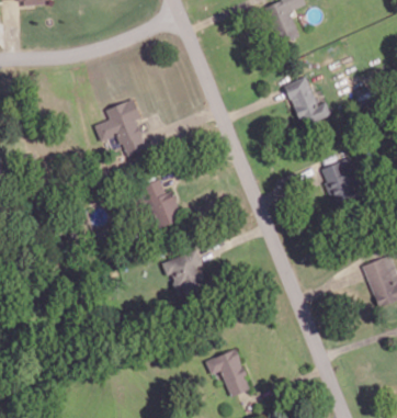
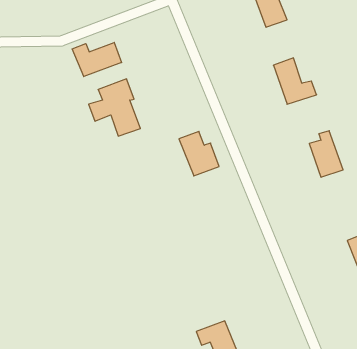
building: none -> [72,42,122,77]
building: [139,179,181,225] -> [179,131,219,176]
building: [161,250,204,289] -> none

